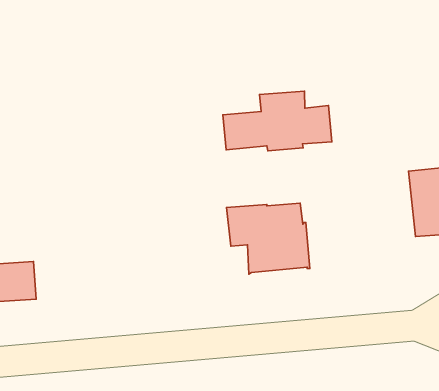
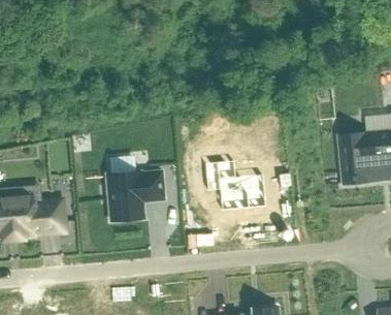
building: [223,91,332,151] -> none
building: none -> [106,170,163,220]

